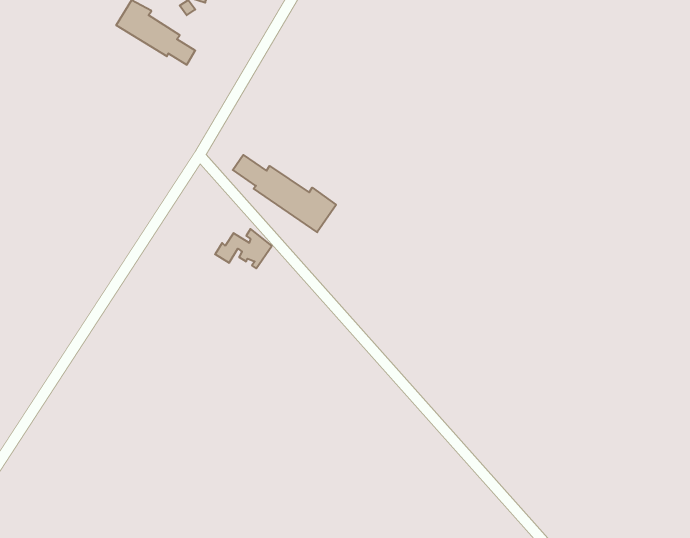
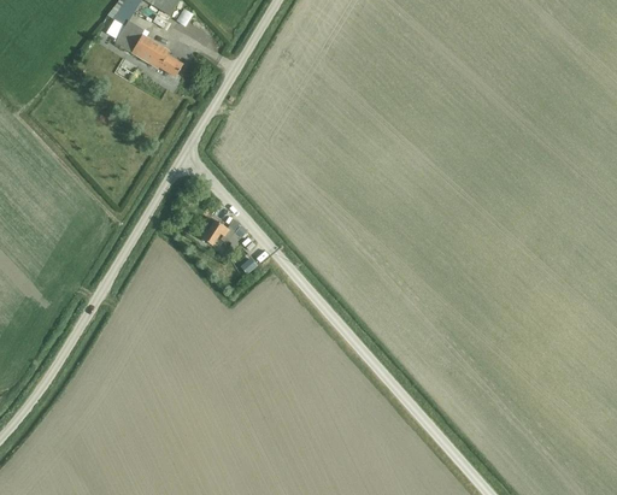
building: [233,155,336,232] -> none

